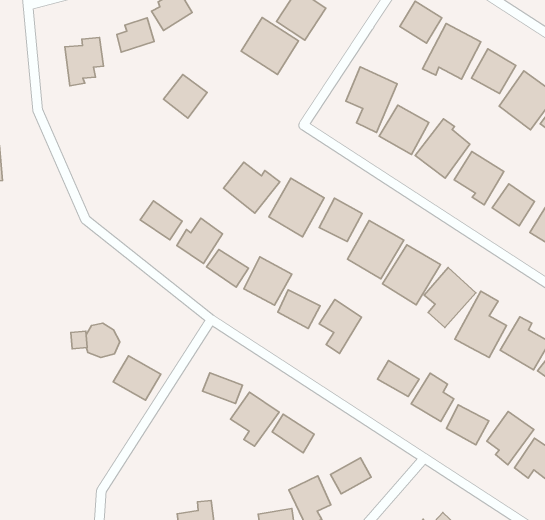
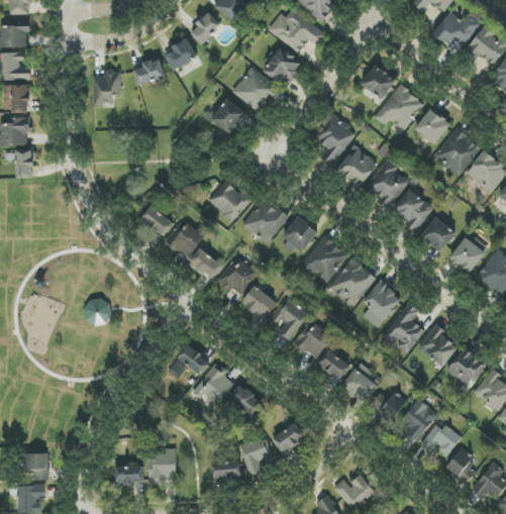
building: [163,74,207,118] -> [210,99,245,134]
building: none -> [293,323,332,358]
building: [113,356,161,400] -> none

